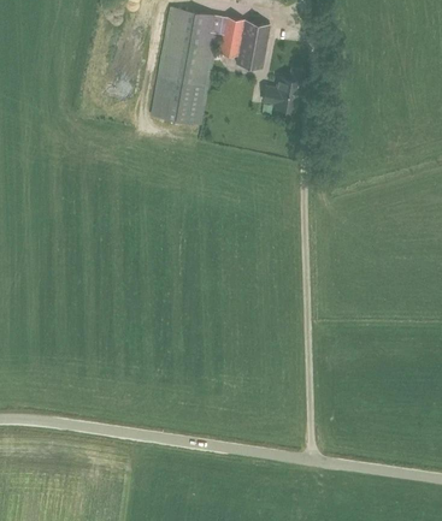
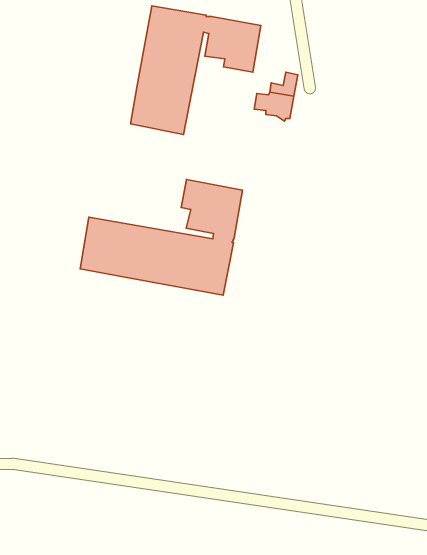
building: none -> [80,179,242,295]

